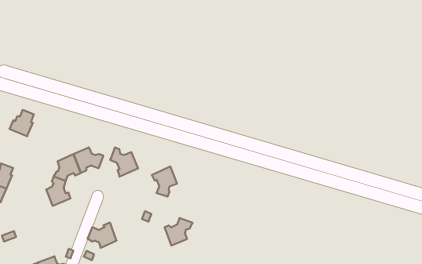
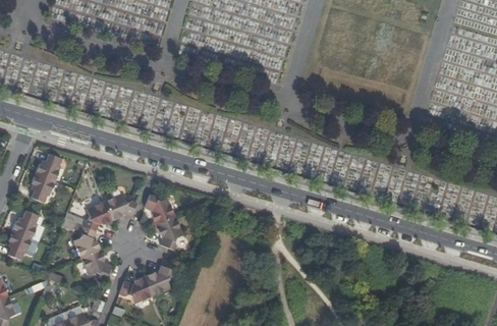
building: none -> [31,173,54,202]
building: [152,167,177,197] -> [154,216,181,249]
building: none -> [81,249,112,278]
building: [164,218,193,245] -> [144,265,174,294]

